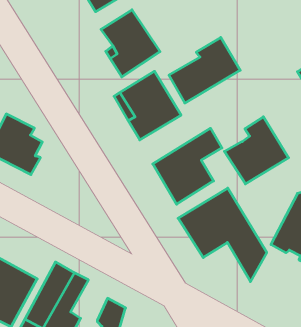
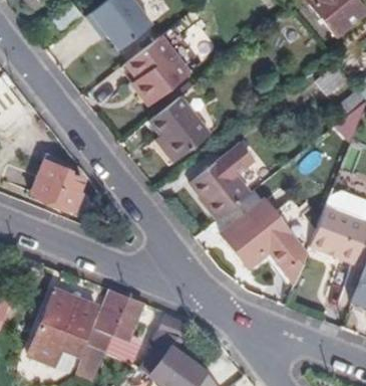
building: [169,37,240,103] -> none
building: [224,117,289,184] -> none

